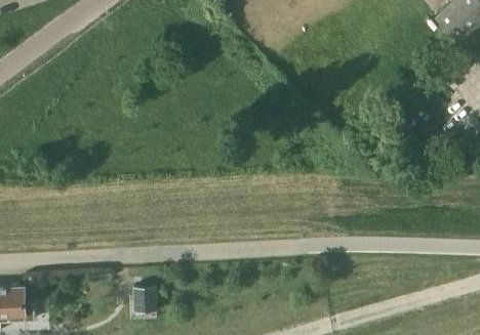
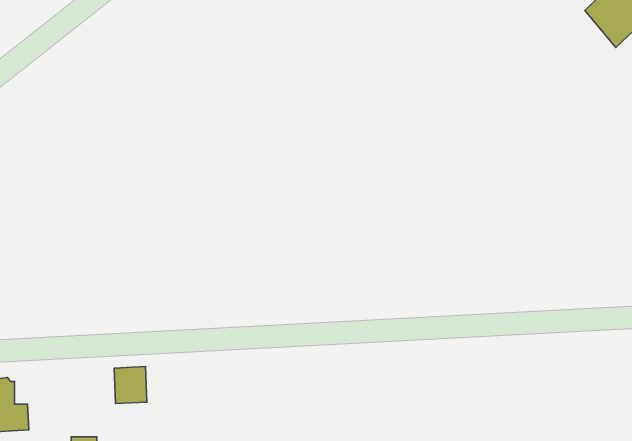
building: [131,287,155,313] -> [114,367,147,403]

